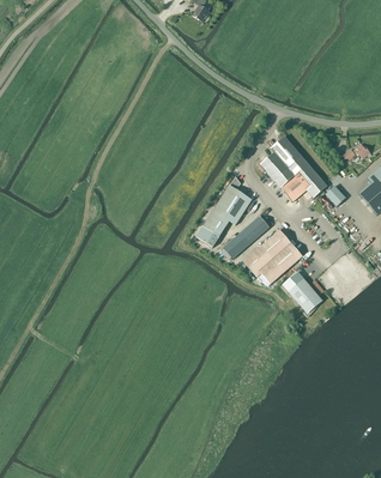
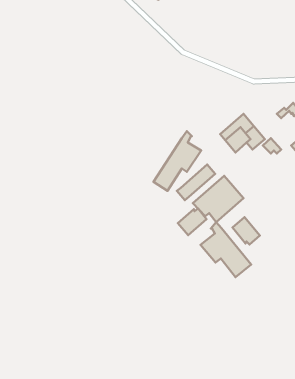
building: [260,135,302,180] -> none
building: none -> [178,209,207,235]
building: none -> [201,222,251,277]

